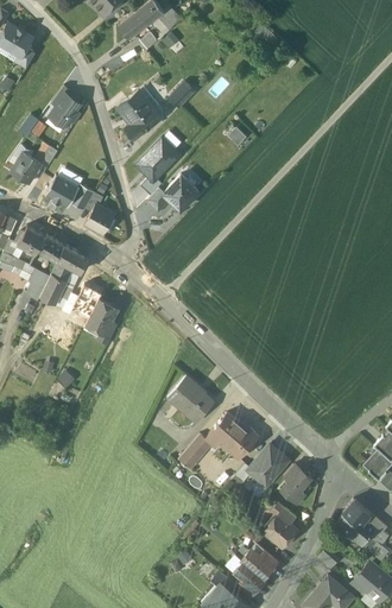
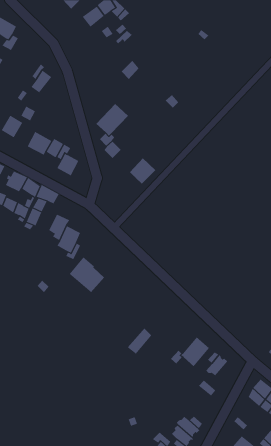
building: [119,90,162,139] -> none
building: [164,173,200,209] -> [129,158,156,185]
building: [167,375,215,423] -> [69,257,105,293]
building: [206,413,259,458] -> none
building: [265,515,297,546] -> none

